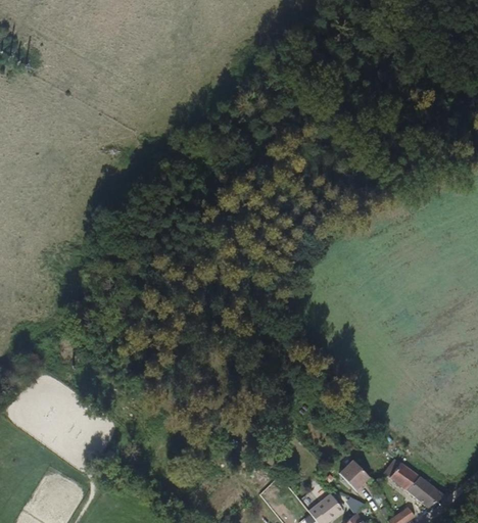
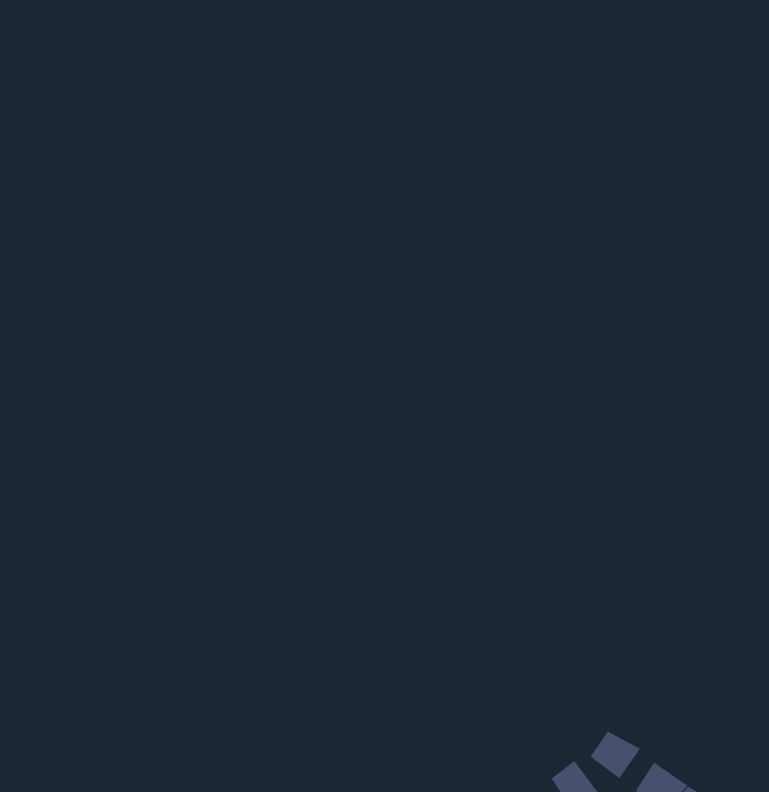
building: none -> [589,731,641,779]

